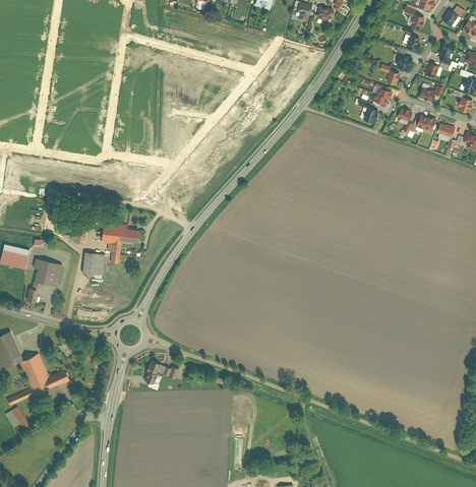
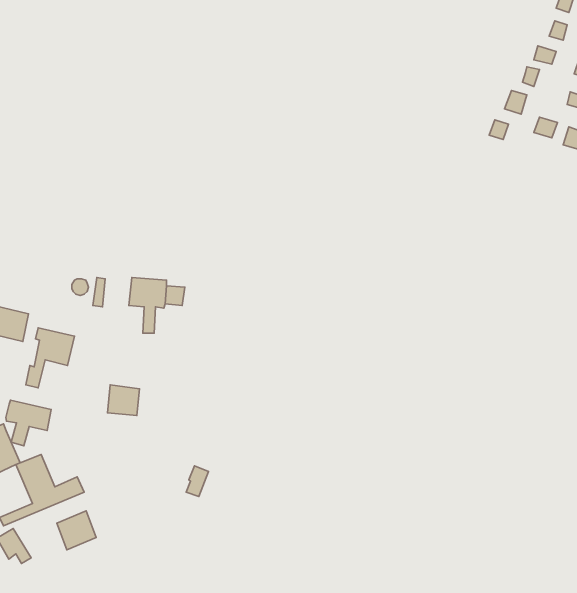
building: [81,253,105,276] -> [107,385,140,415]
building: none -> [6,400,51,446]
building: none -> [57,511,96,550]

